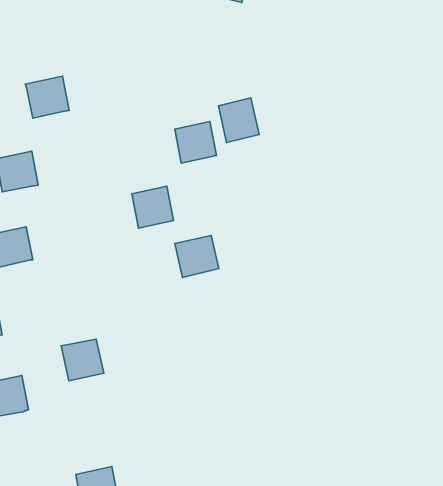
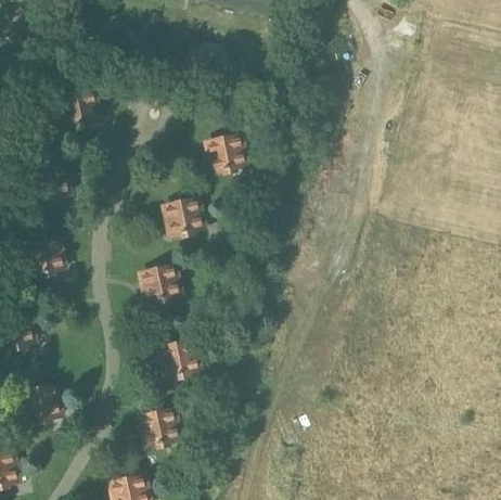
building: [218,98,259,142] -> none
building: [175,236,219,277] -> [139,262,182,304]
building: [61,339,104,381] -> [158,337,201,379]
building: none -> [139,406,181,447]

